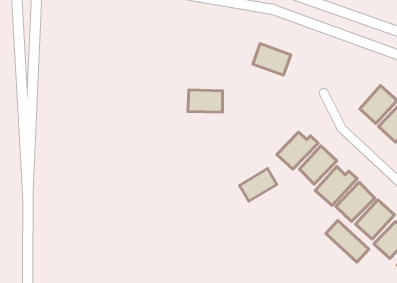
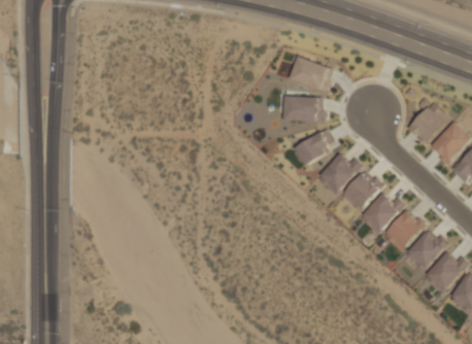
building: [188,90,222,112] -> [283,96,322,121]
building: [239,169,277,201] -> [295,129,336,165]
building: [326,221,369,262] -> none

